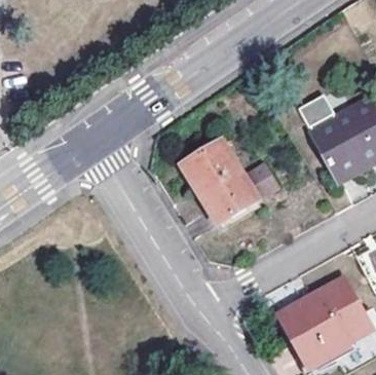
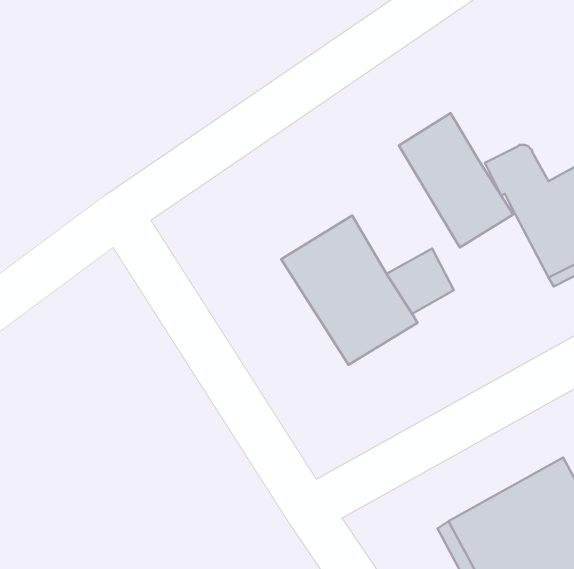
building: none -> [399,113,513,247]

